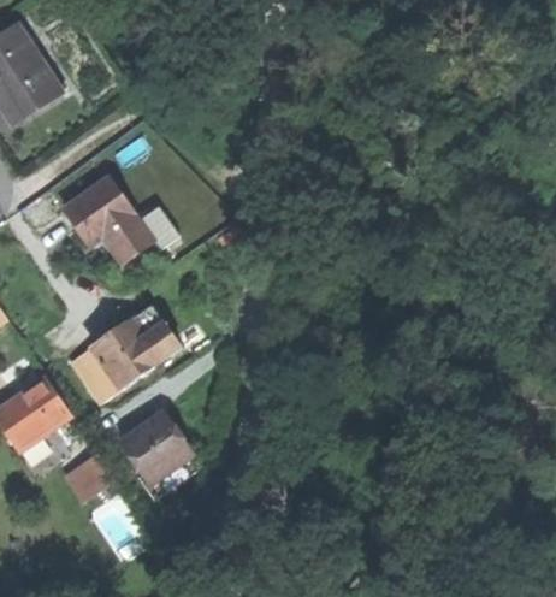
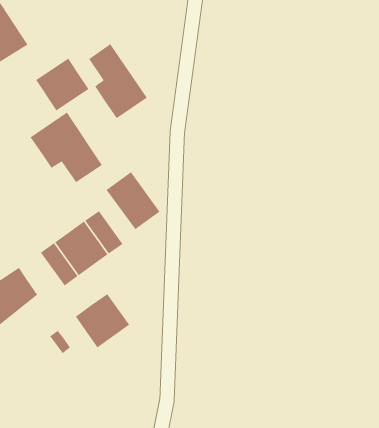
building: none -> [88,43,148,119]
building: none -> [35,57,89,111]
building: none -> [106,171,161,230]

